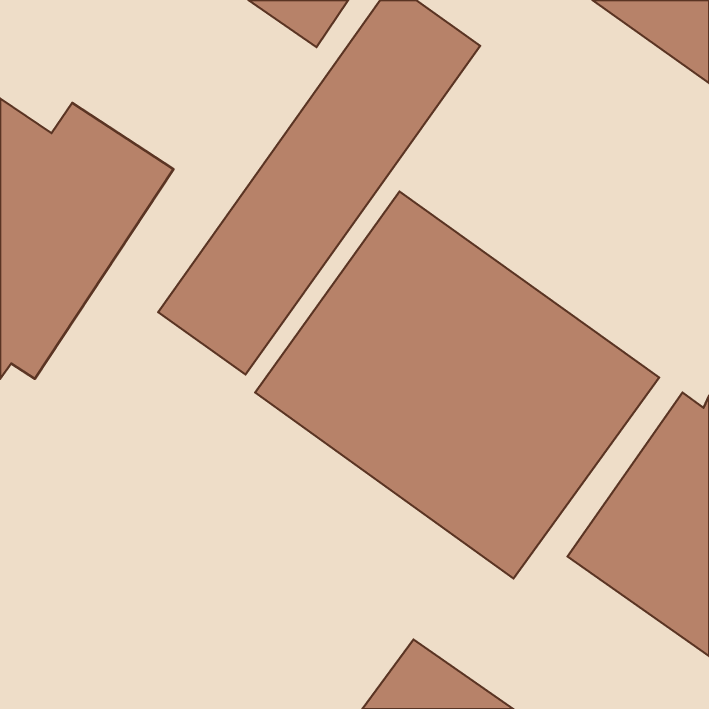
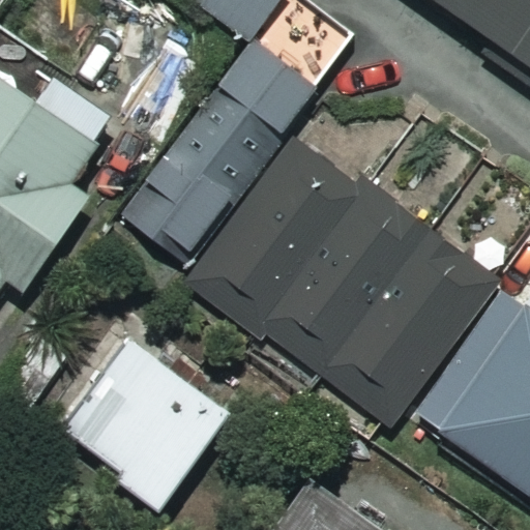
building: none -> [48,324,230,502]

